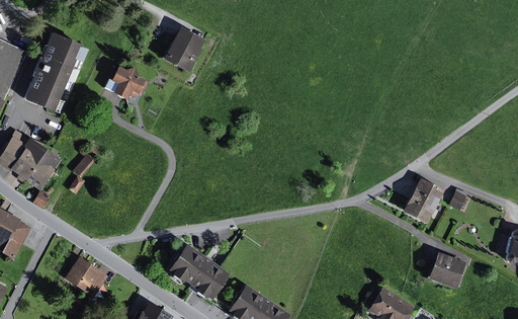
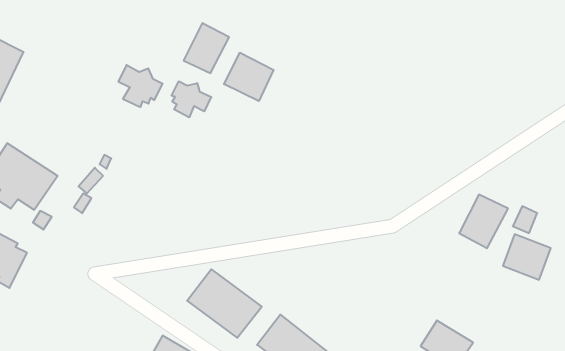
building: [19,33,77,111] -> none
building: none -> [224,53,274,101]
building: none -> [172,81,211,117]
building: [428,251,469,291] -> [503,234,551,280]
building: [62,258,104,298] -> none

